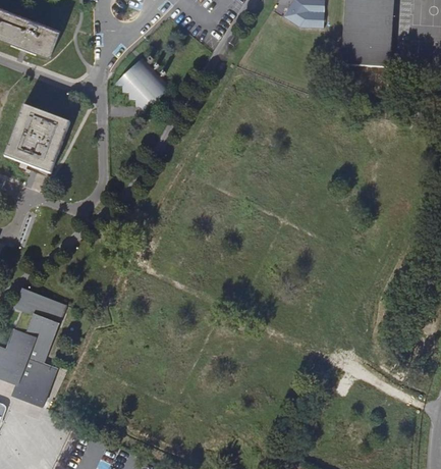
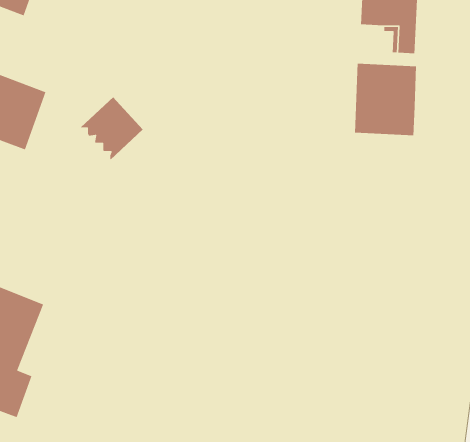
building: [115,56,170,111] -> [80,97,144,160]
building: none -> [354,63,417,136]

